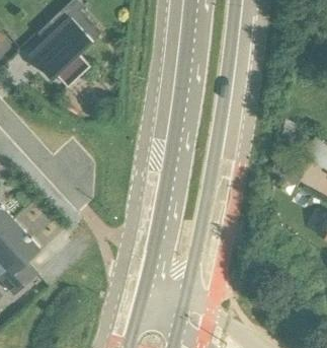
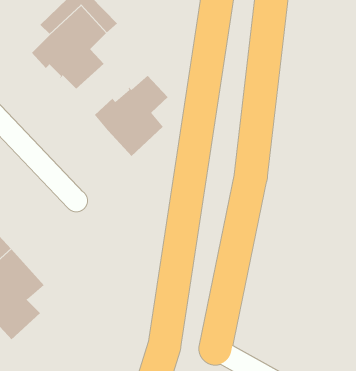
building: none -> [94,75,169,157]

